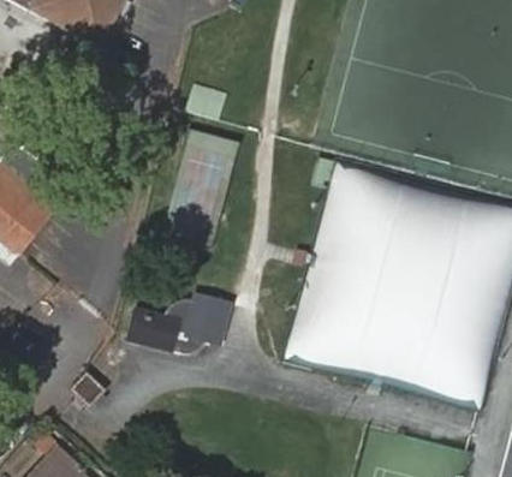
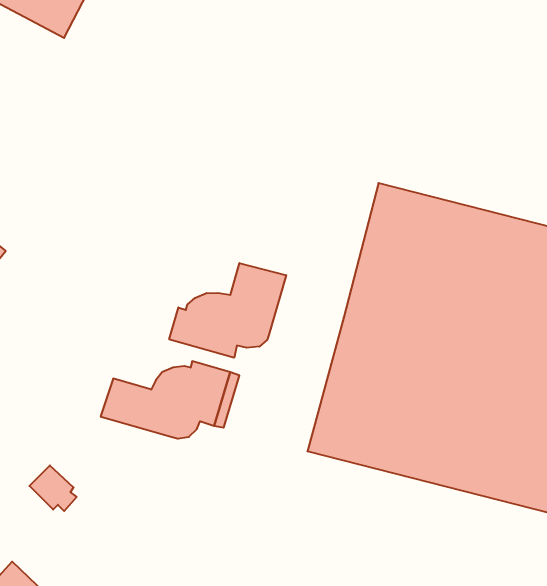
building: none -> [169,263,286,358]

